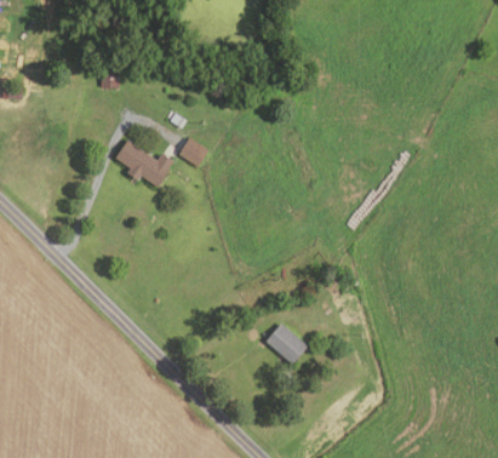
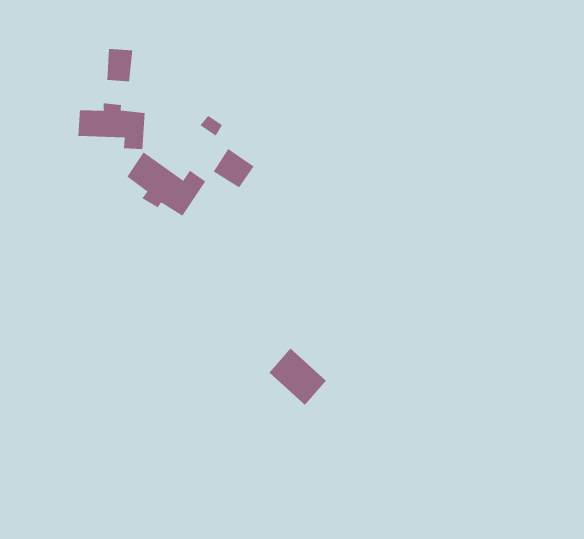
building: none -> [78,103,145,150]
building: [265,322,308,365] -> [269,347,327,406]

